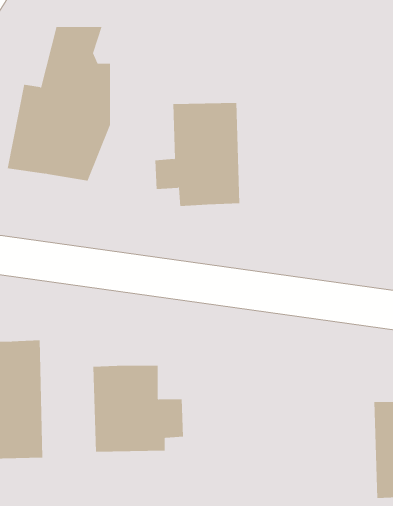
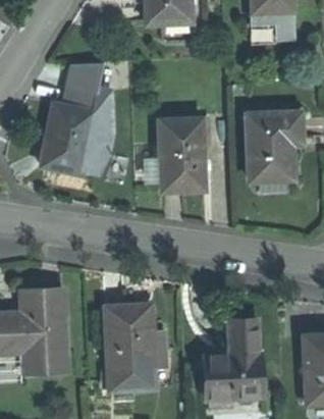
building: none -> [248,112,305,177]
building: none -> [206,322,266,402]
building: none -> [103,371,155,392]

